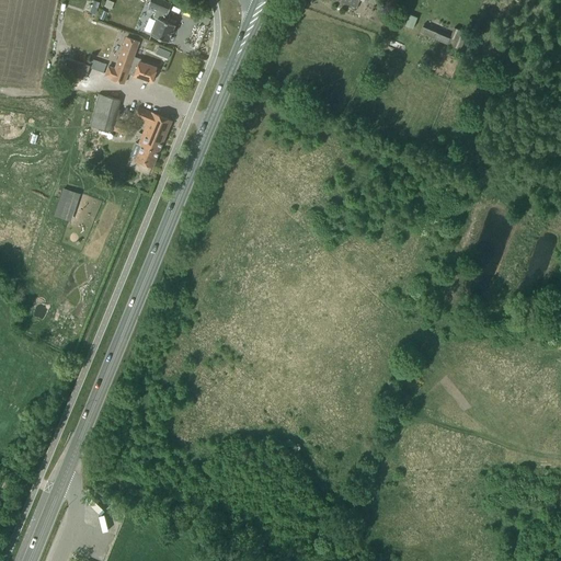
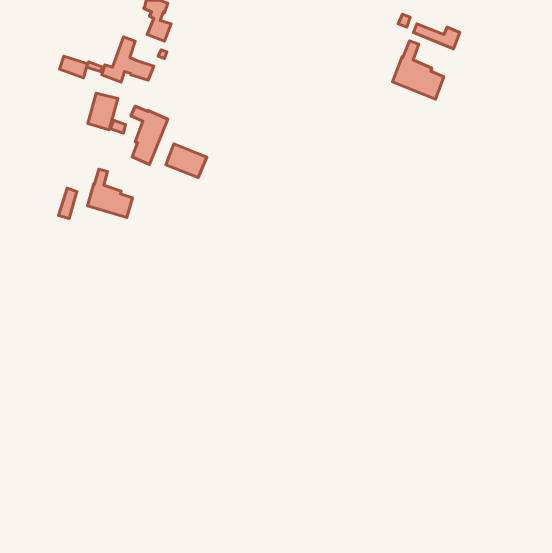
building: none -> [393,41,444,99]
building: none -> [166,144,207,178]
building: none -> [88,169,132,218]

